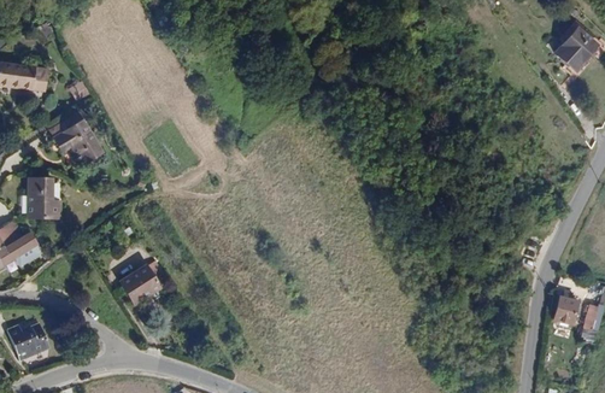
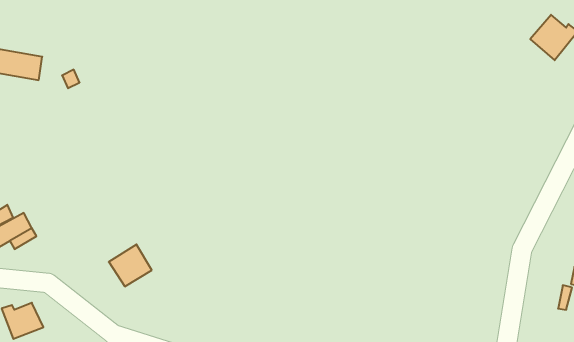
building: [54,121,102,166] -> none
building: [27,177,61,218] -> none
building: [553,295,581,327] -> none

